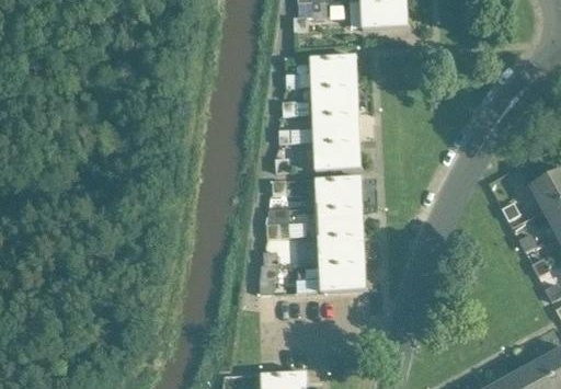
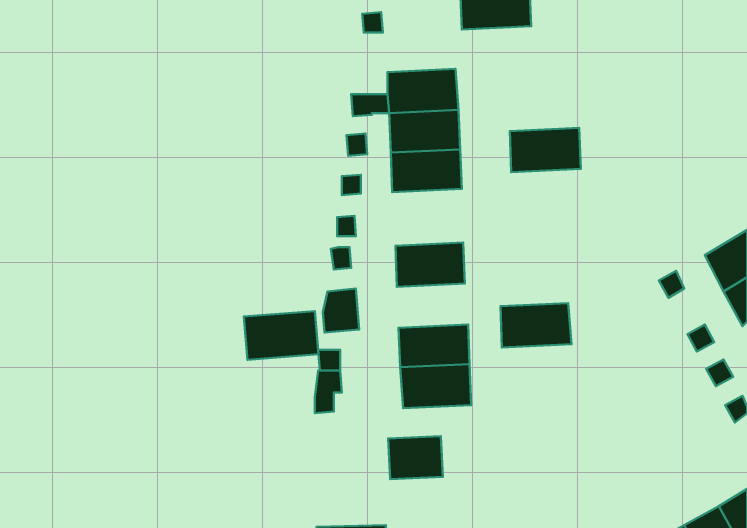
building: [312,139,362,170] -> [510,128,581,172]
building: [316,205,365,236] -> [500,303,571,347]
building: none -> [244,311,318,360]
building: none -> [388,436,443,479]

